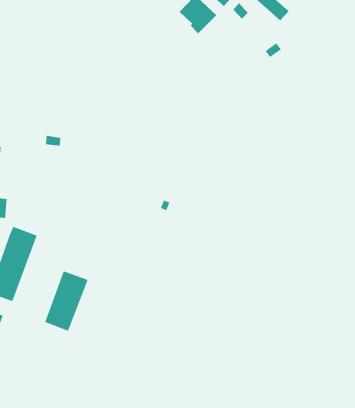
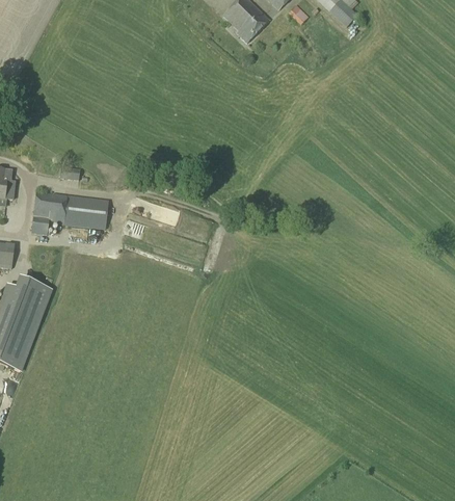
building: none -> [31,190,109,235]
building: [44,271,88,332] -> none

